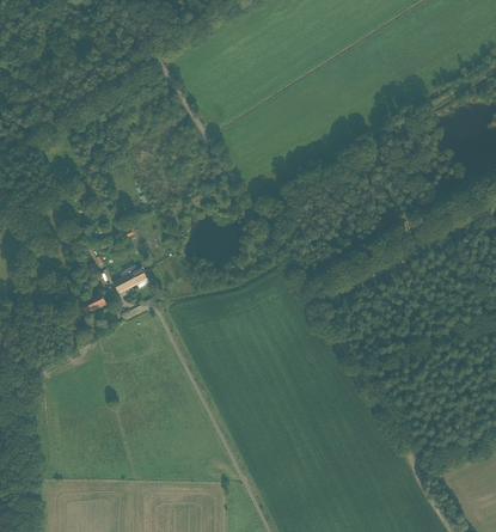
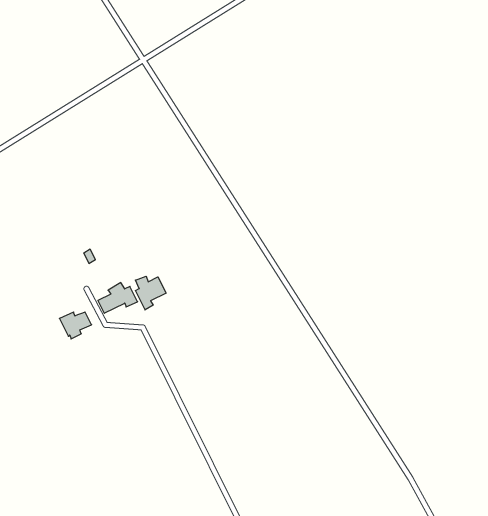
building: none -> [135,276,166,310]

